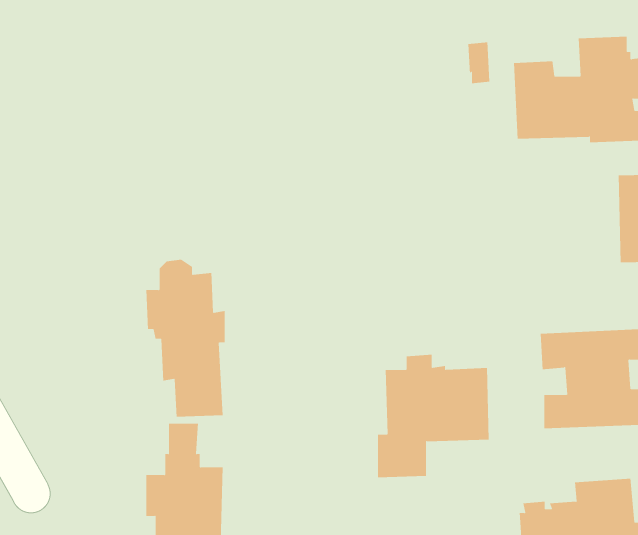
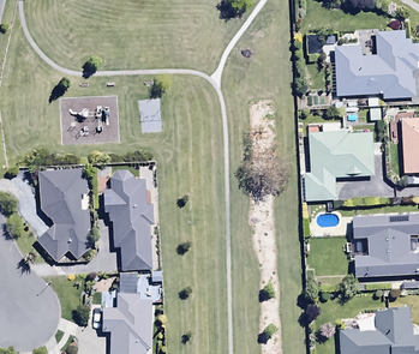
building: none -> [36,168,94,262]
building: [377,354,490,478] -> [304,122,375,200]

